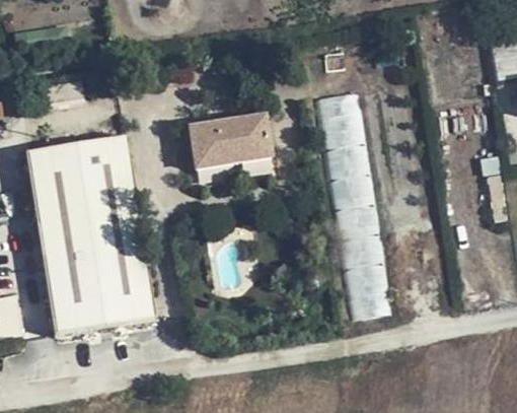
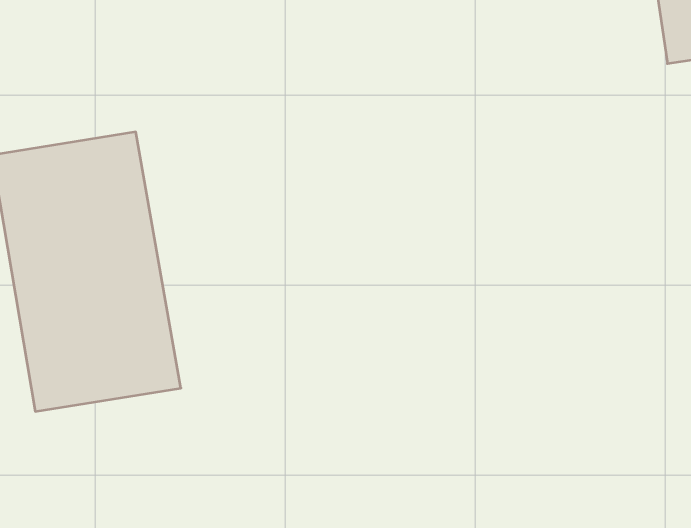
building: [317,90,392,316] -> none
building: [188,114,272,170] -> none

